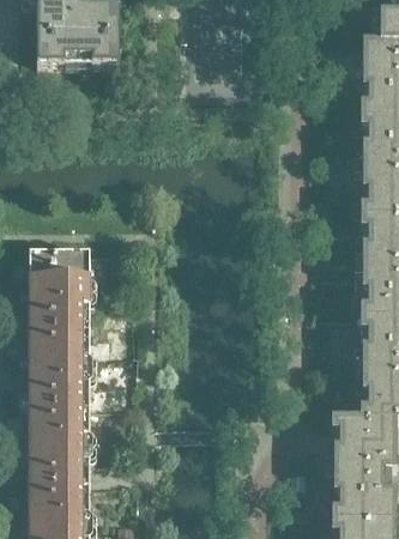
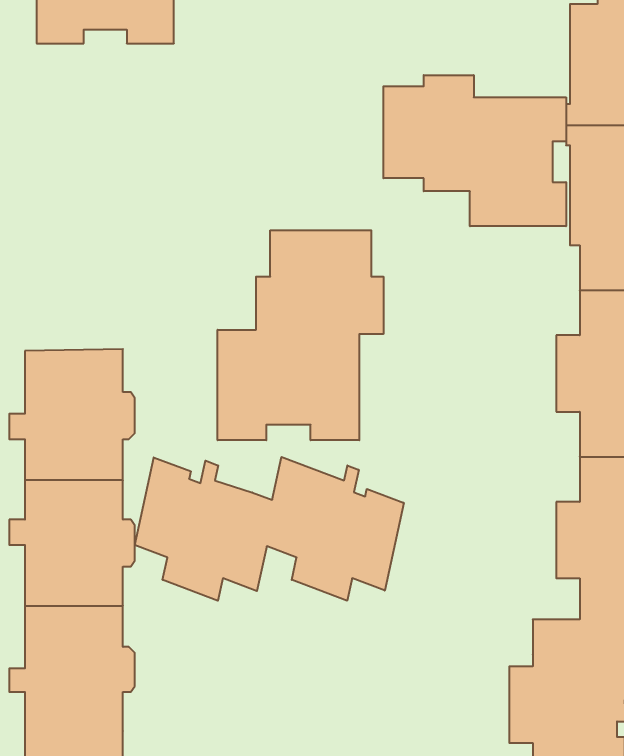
building: none -> [383,75,566,226]
building: none -> [218,230,383,440]
building: none -> [135,457,404,601]

